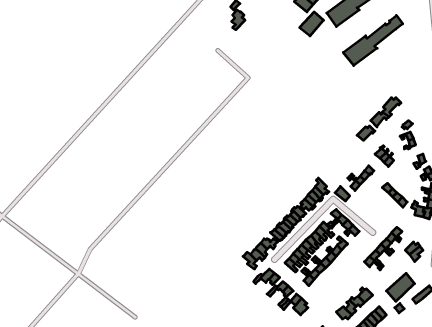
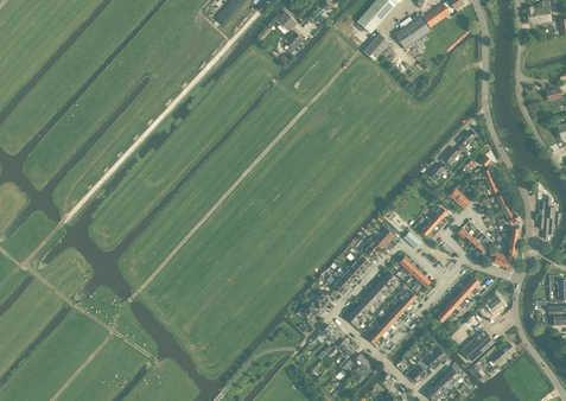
building: [343,15,403,66] -> none

